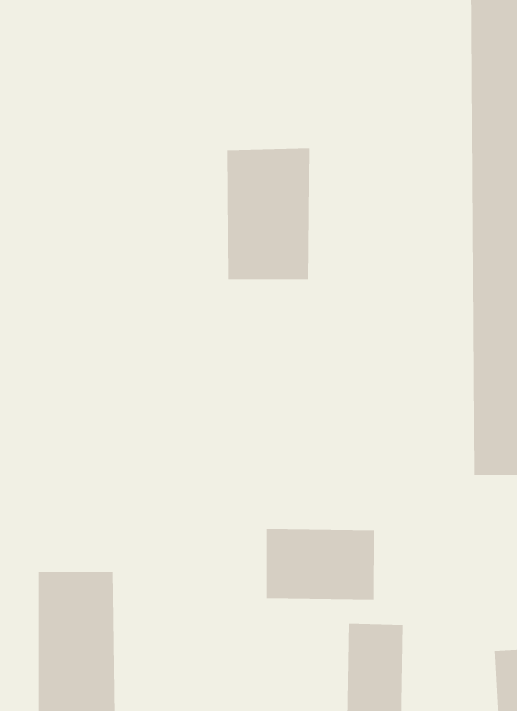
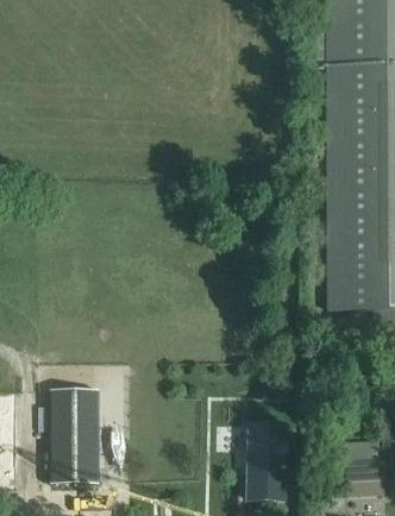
building: [227,148,310,280] -> none
building: [266,528,374,601] -> none

